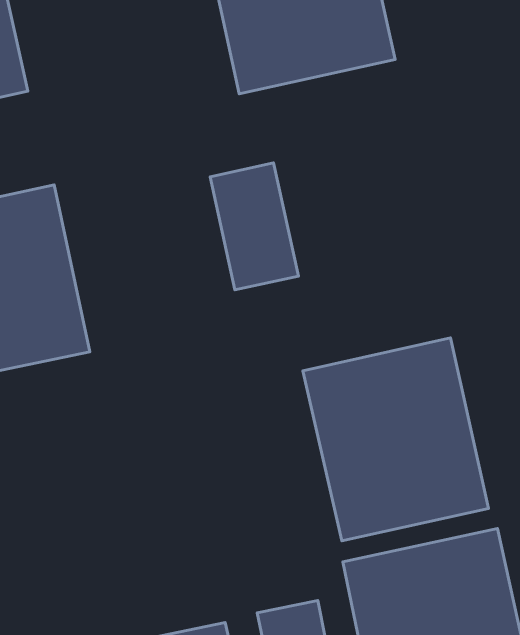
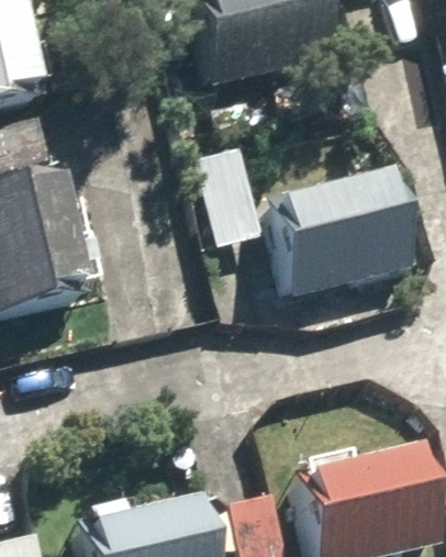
building: none -> [264,165,417,298]
building: [303,338,488,541] -> none

